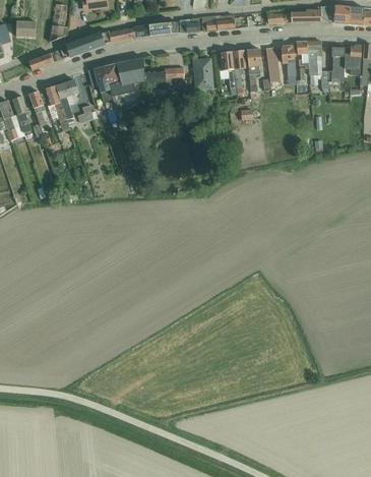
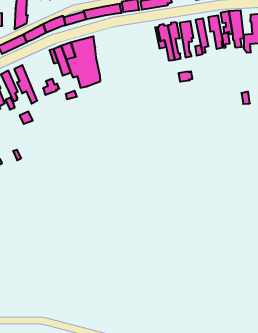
building: [193,58,214,90] -> none
building: [144,67,184,95] -> none
building: [56,79,79,126] -> none

